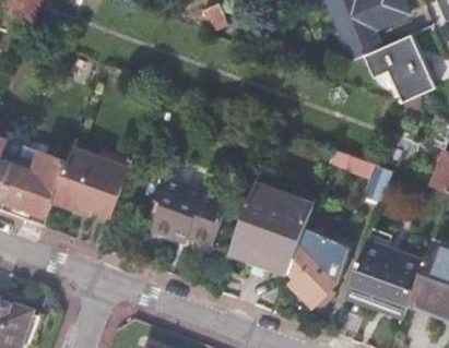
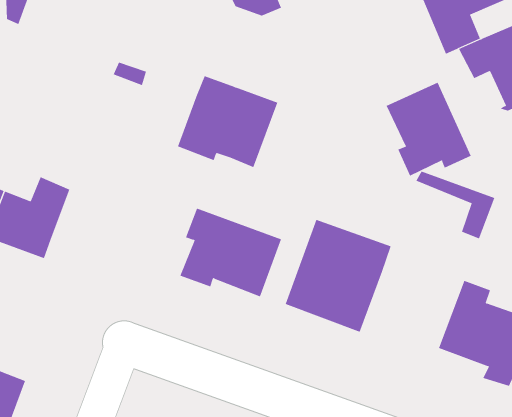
building: none -> [386,82,471,176]
building: [51,147,129,218] -> [177,76,278,168]
building: [288,227,351,307] -> none

